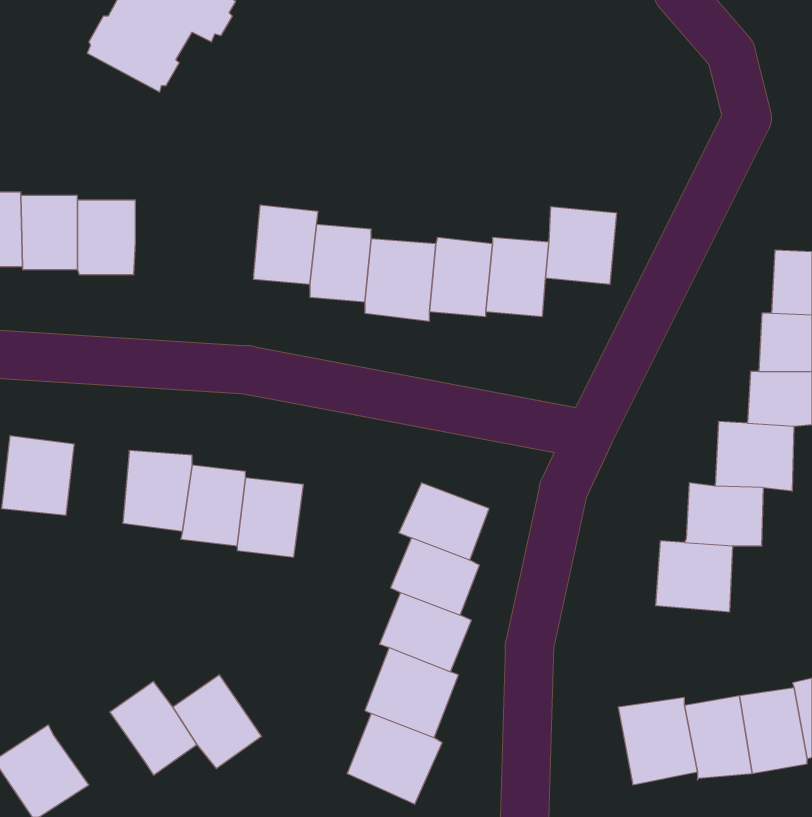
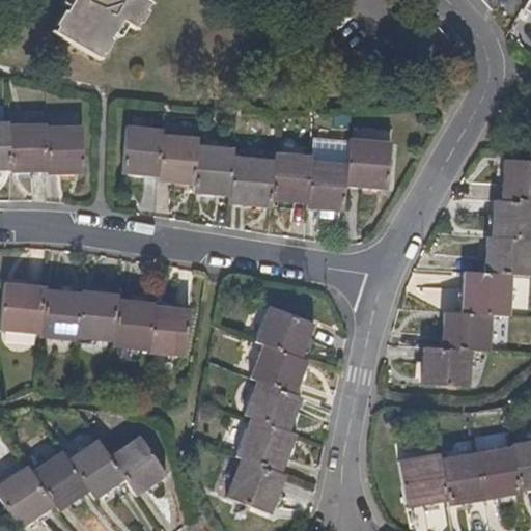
building: none -> [127,125,168,176]
building: none -> [43,286,83,340]
building: none -> [34,450,92,509]

